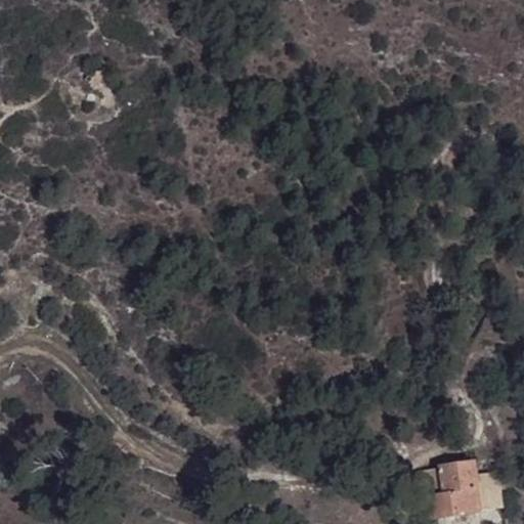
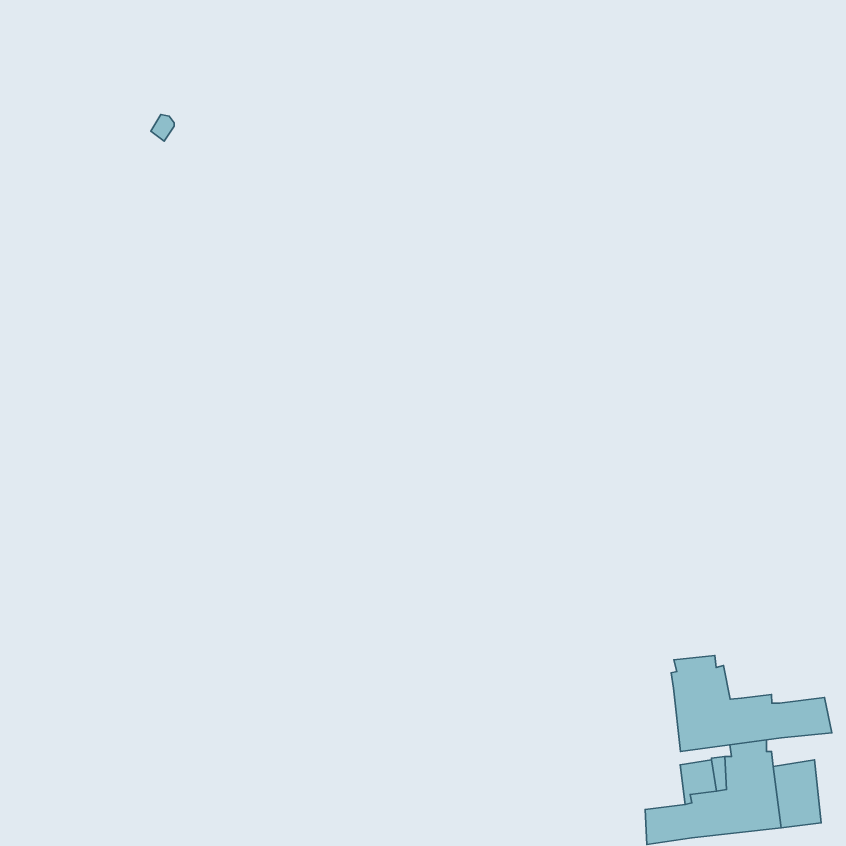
building: none -> [671,655,832,751]

